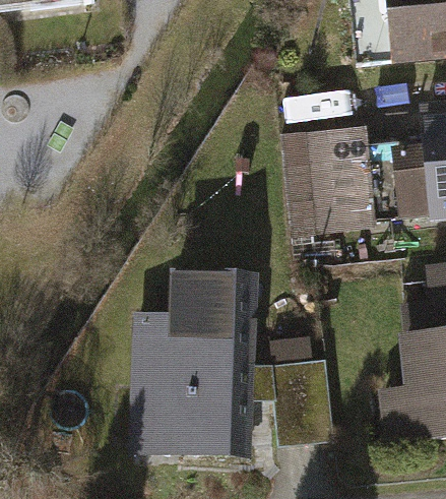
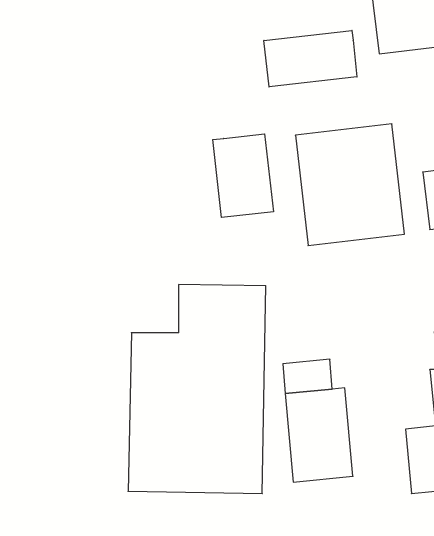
building: none -> [264,30,357,87]
building: none -> [213,134,273,217]

